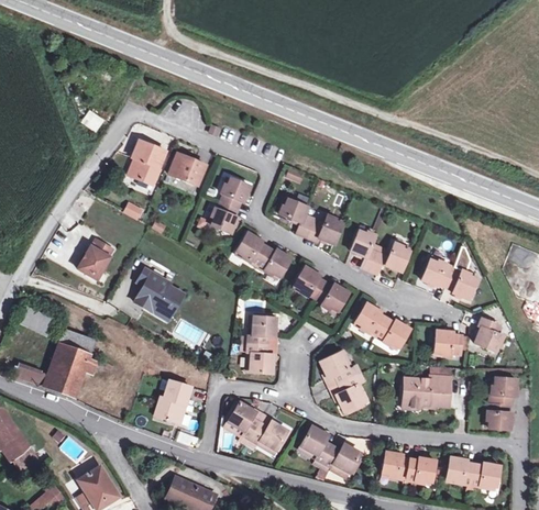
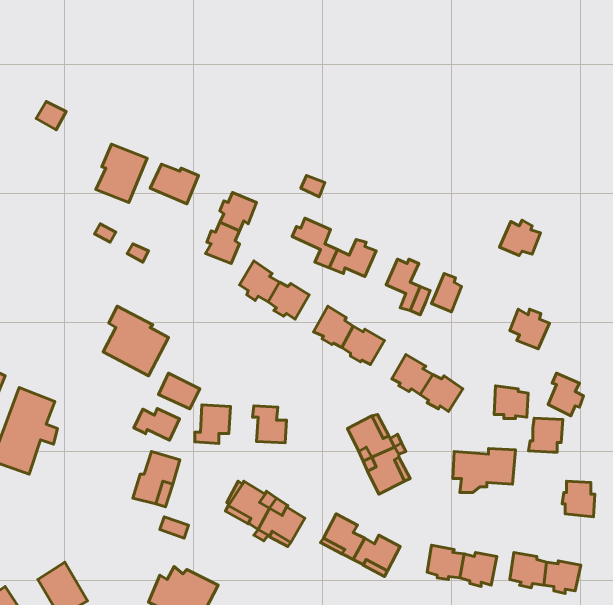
building: [77,240,112,279] -> none
building: [420,259,452,287] -> [499,220,541,256]
building: [248,315,275,345] -> [195,405,230,443]
building: none -> [134,408,179,440]
building: [490,377,516,403] -> [529,418,563,452]

